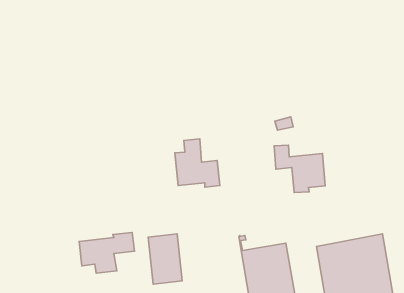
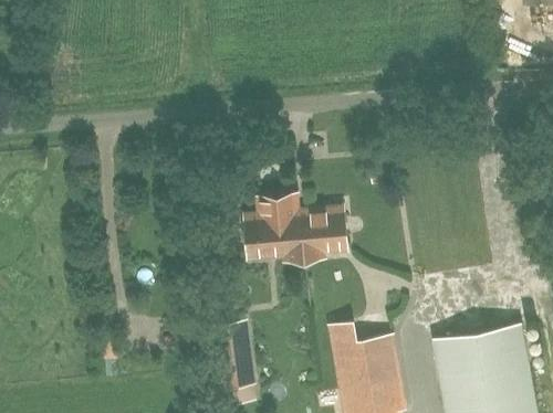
building: [274,145,325,193] -> [279,199,346,262]
building: [79,232,134,273] -> none

